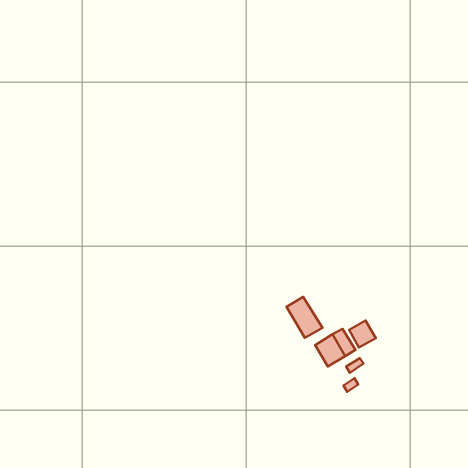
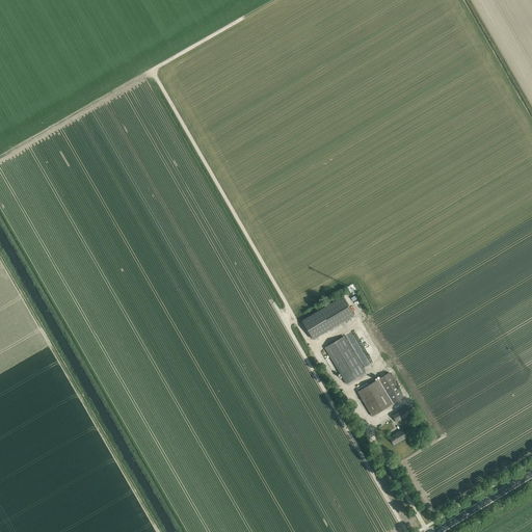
building: none -> [301,296,353,339]
building: [349,320,376,347] -> none

